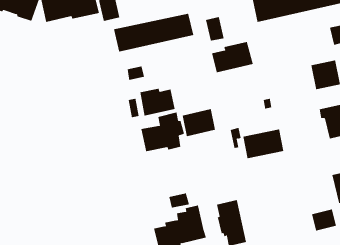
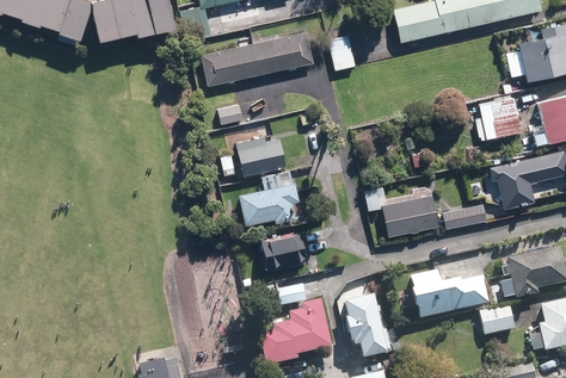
building: [212,41,254,73] -> none
building: [182,109,216,137] -> [260,233,308,272]
building: none -> [441,206,485,233]
building: none -> [410,268,488,316]

